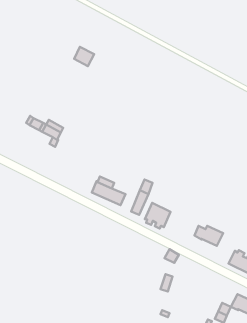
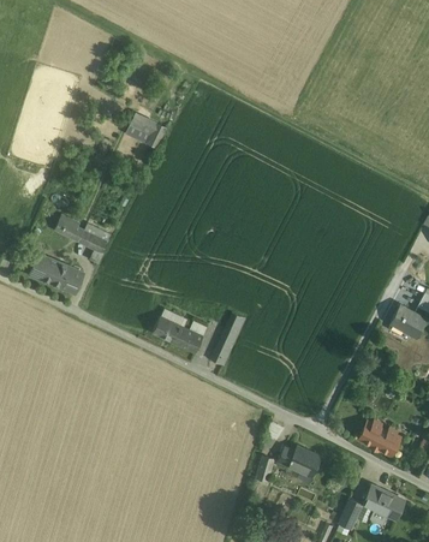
building: none -> [29,254,83,293]
building: [145,203,170,229] -> none
building: [194,226,223,246] -> [278,446,321,476]

